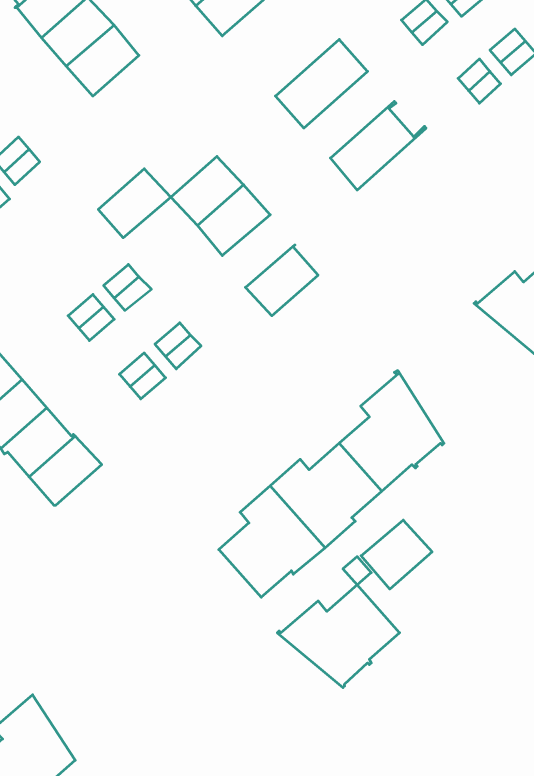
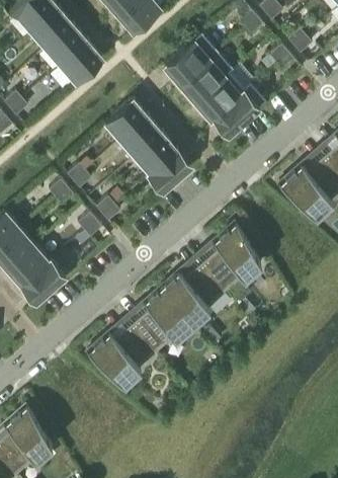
building: none -> [180,53,232,102]
building: none -> [210,85,266,135]
building: [98,169,171,238] -> [60,44,101,83]
building: none -> [134,135,175,176]
building: [361,520,432,589] -> none
building: [277,585,400,688] -> [86,326,156,385]

